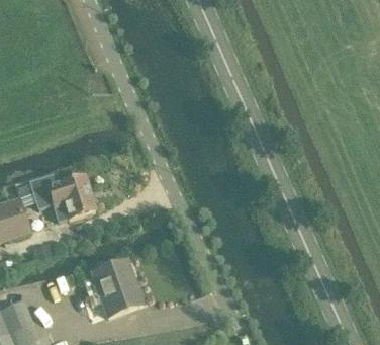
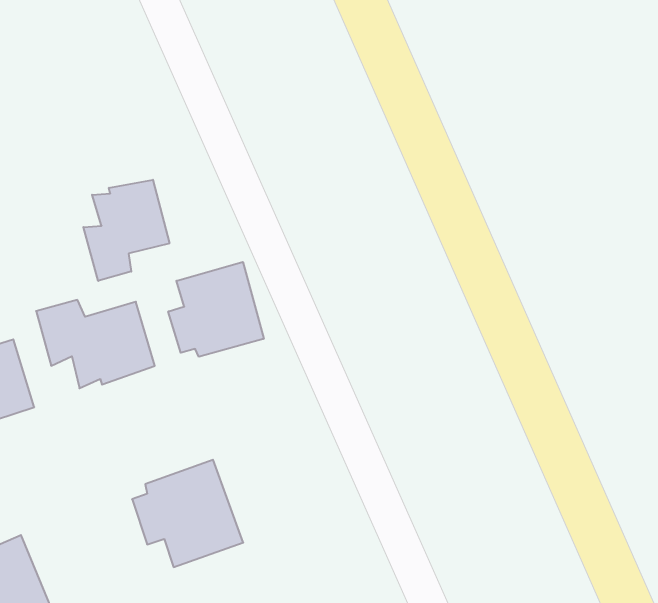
building: none -> [83,180,169,281]
building: none -> [168,262,264,357]

